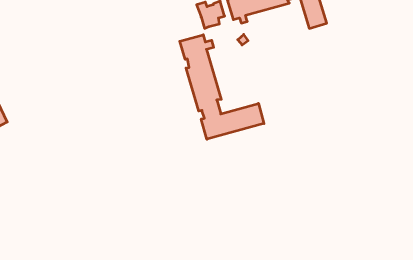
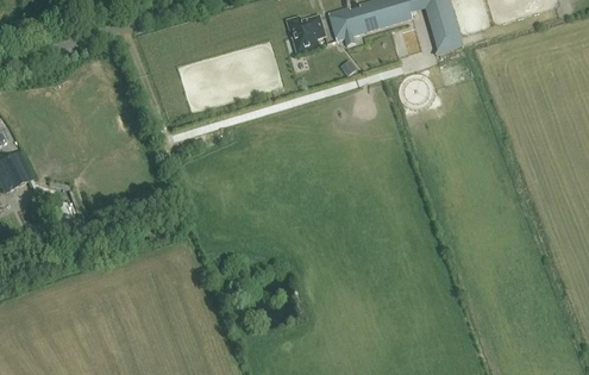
building: [180,35,264,139] -> none

